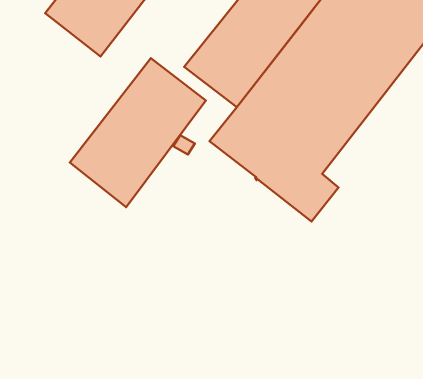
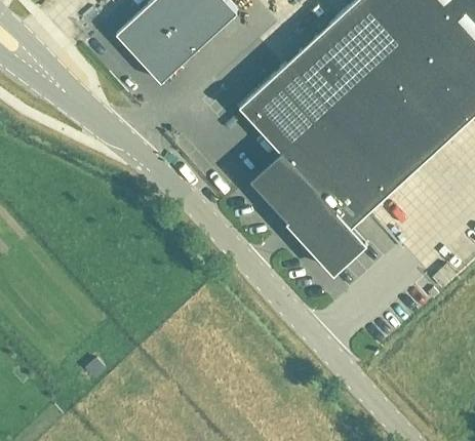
building: [70,58,206,207] -> none

